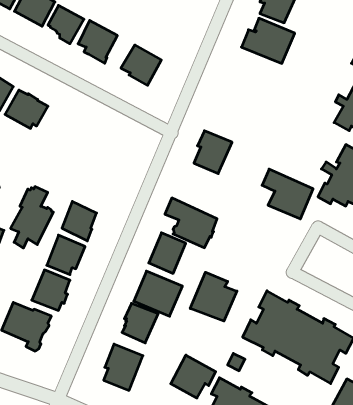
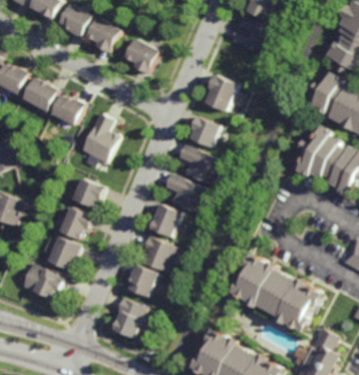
building: none -> [203,75,238,114]
building: none -> [51,94,84,124]
building: [262,169,313,219] -> [176,142,221,185]
building: [11,187,53,248] -> [80,112,117,165]
building: [190,272,237,321] -> none
building: [171,355,216,398] -> none

